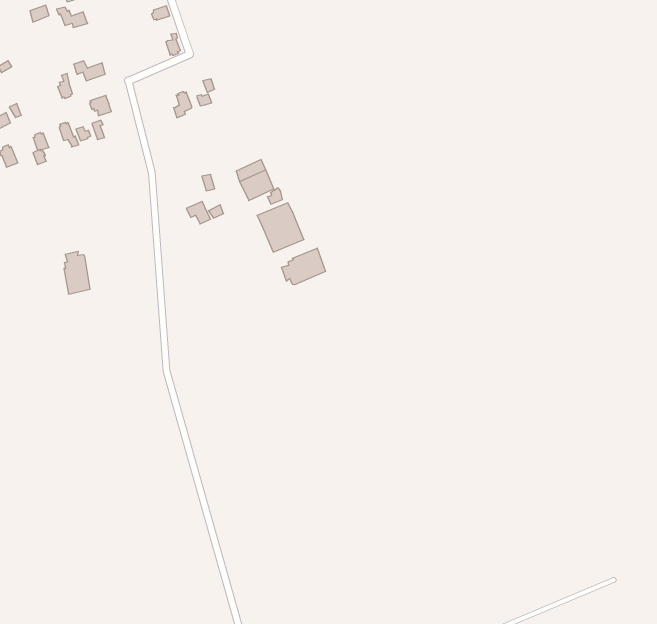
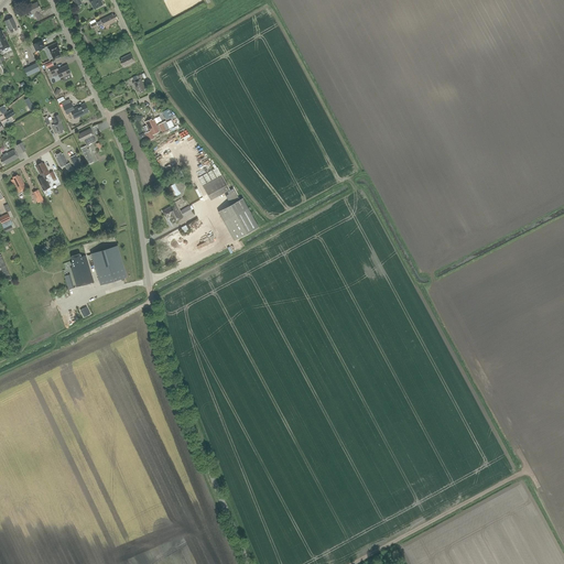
building: none -> [90,245,127,284]
building: [282,248,326,285] -> none

